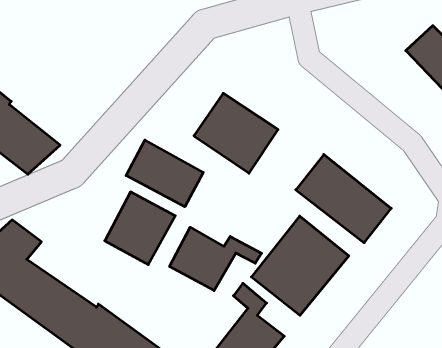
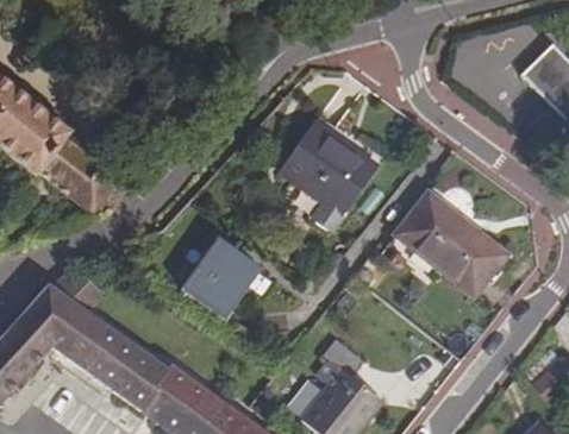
building: [126,140,203,207] -> none
building: [251,216,349,315] -> none
building: [170,227,262,291] -> none

